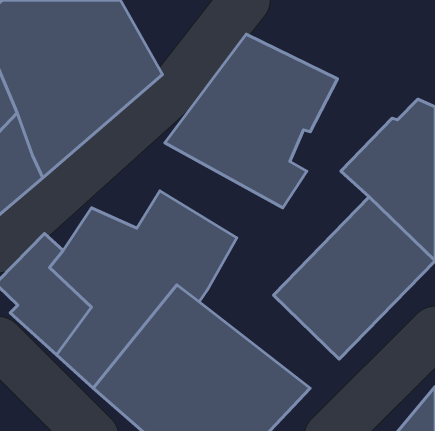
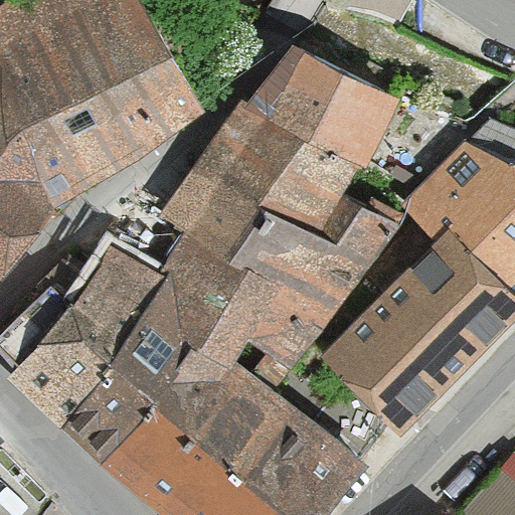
building: none -> [163,175,392,374]

